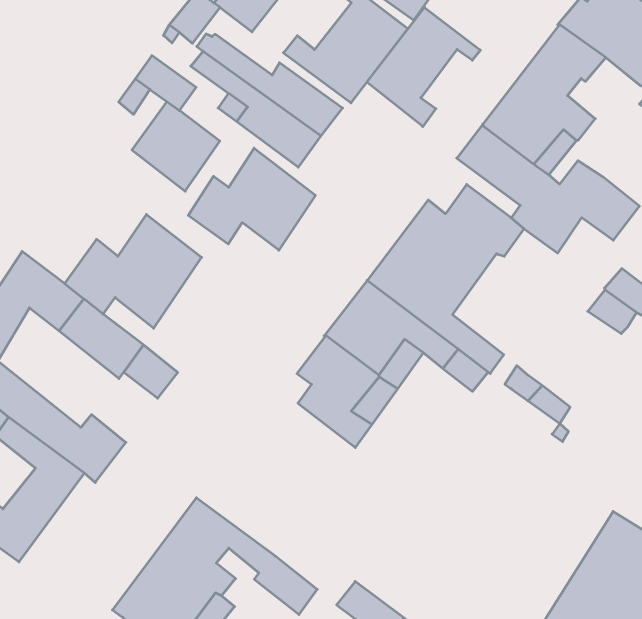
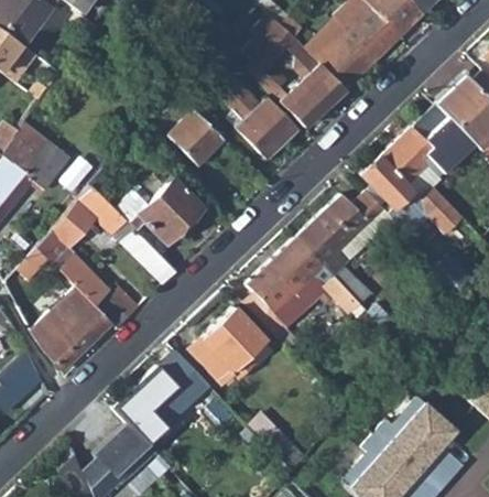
building: [367,7,480,127] -> none
building: [188,148,315,250] -> none
building: none -> [191,307,264,380]

